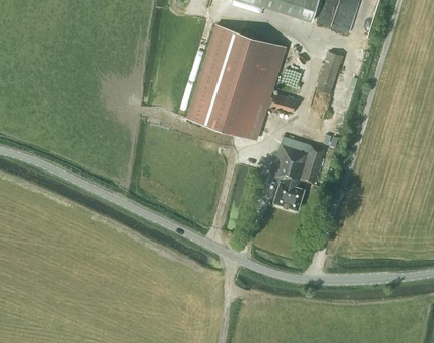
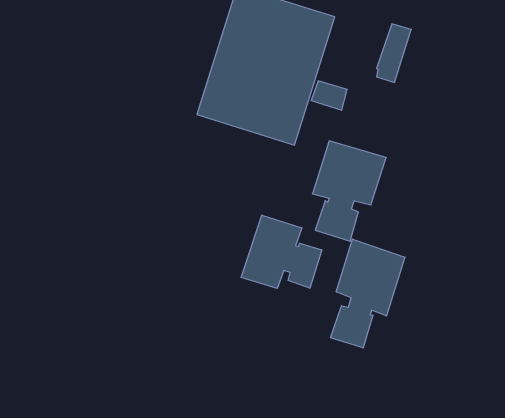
building: none -> [241,215,322,288]
building: none -> [331,239,405,348]

